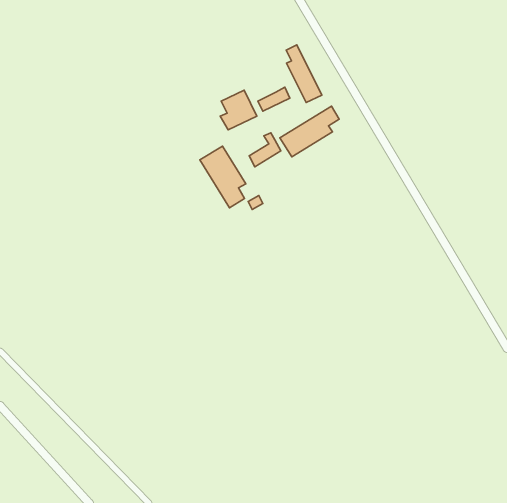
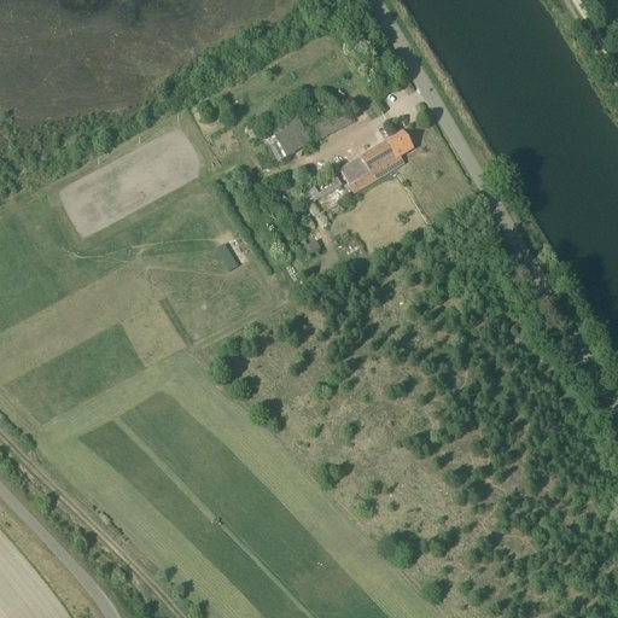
building: [286,45,322,103] -> none
building: [200,146,246,208] -> none

